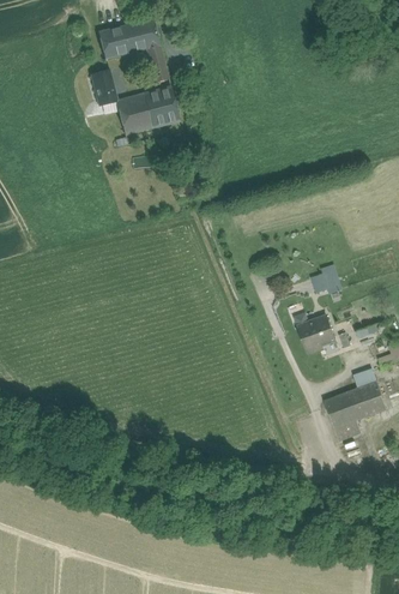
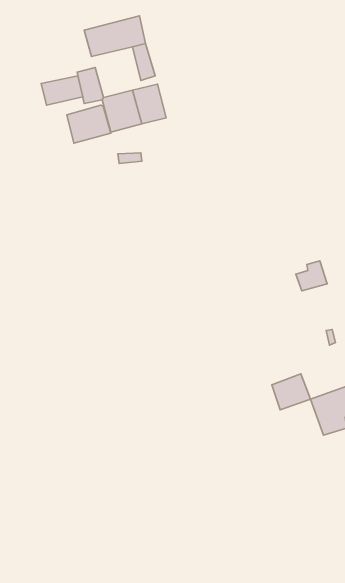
building: none -> [41,76,83,105]
building: none -> [67,105,111,143]
building: [298,316,337,352] -> [272,374,310,410]

